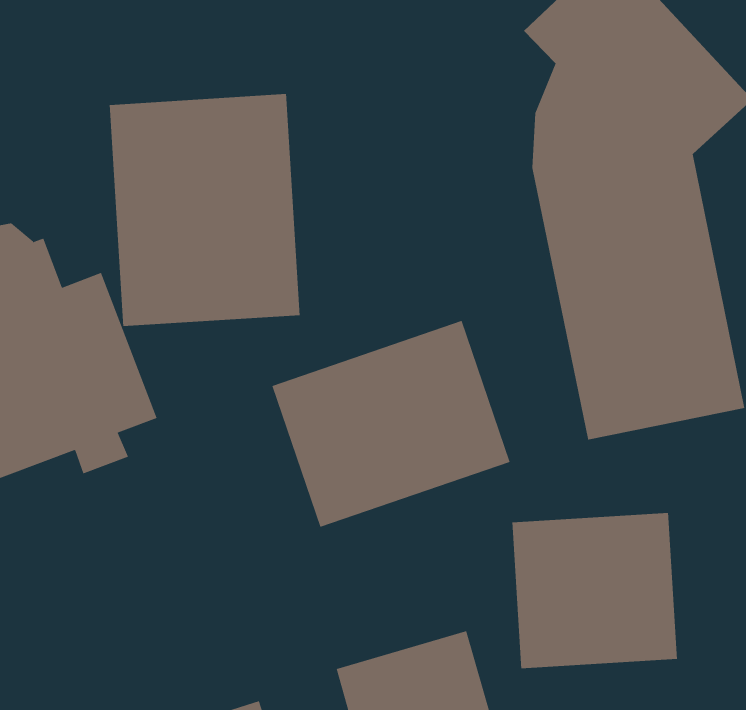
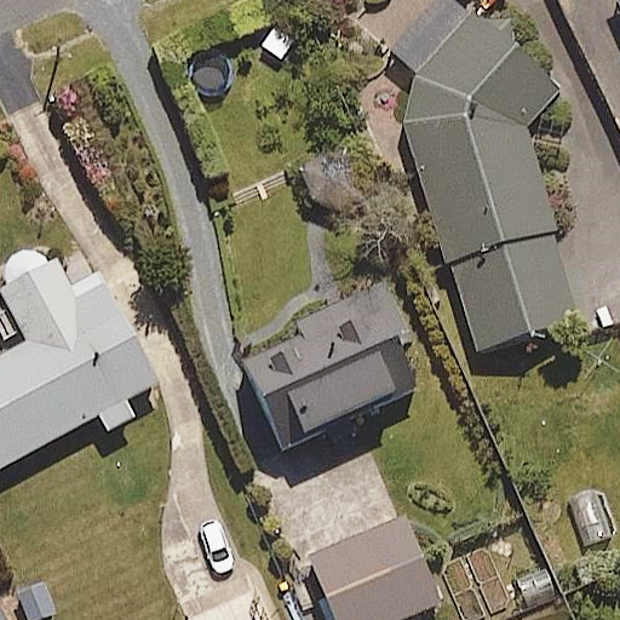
building: [109,93,300,327] -> none
building: [512,512,678,669] -> none

